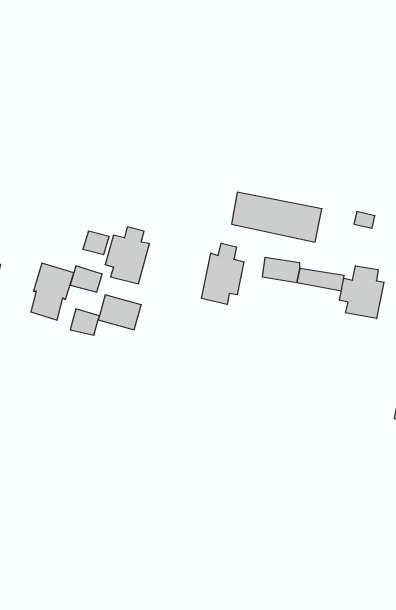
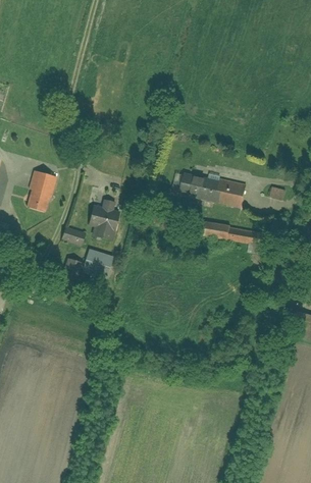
building: [201,243,244,305] -> none
building: [31,263,74,320] -> [25,171,57,213]
building: [340,266,384,319] -> none

